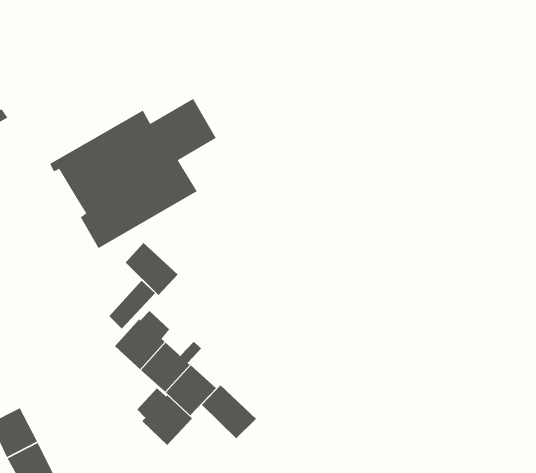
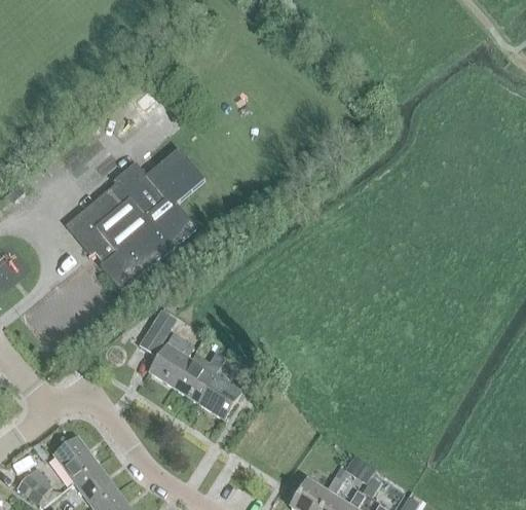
building: [125,242,179,296] -> none
building: [201,385,257,439] -> none
building: [137,388,193,446] -> none

